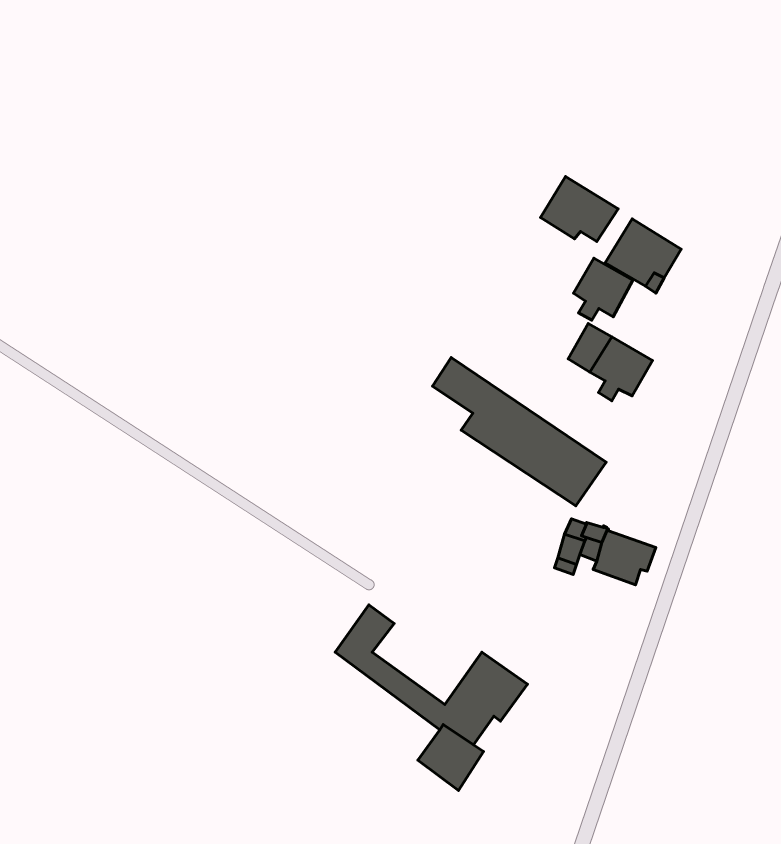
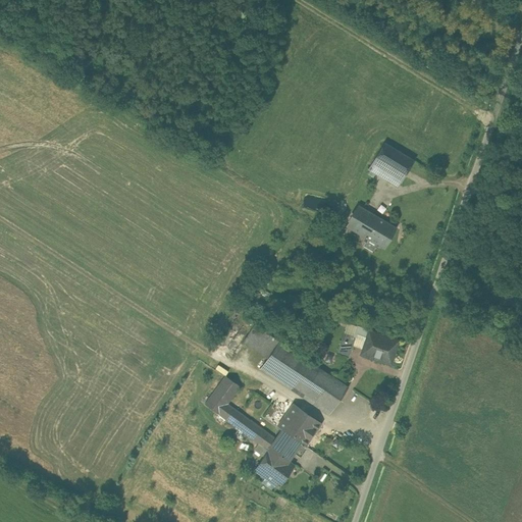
building: [541,177,618,242] -> none
building: [573,258,633,320] -> none
building: [432,358,606,506] -> [243,325,348,415]

